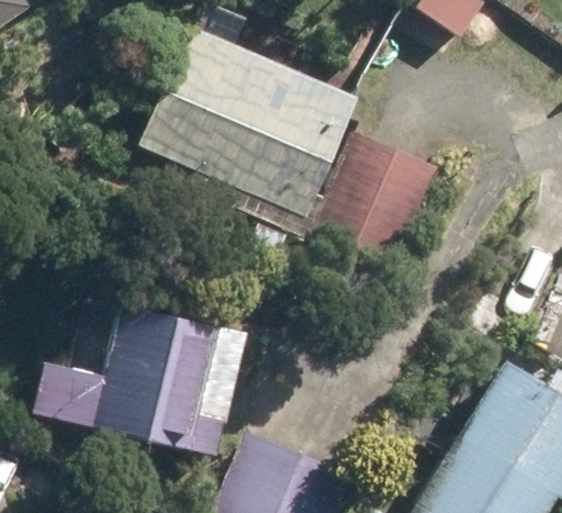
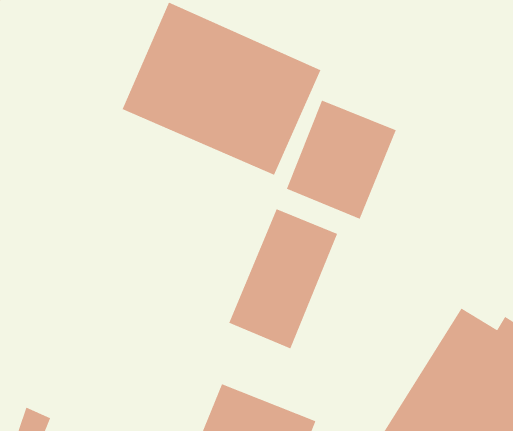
building: none -> [228,208,338,349]
building: [36,301,247,456] -> none

